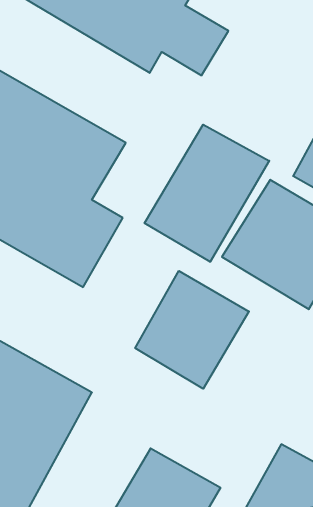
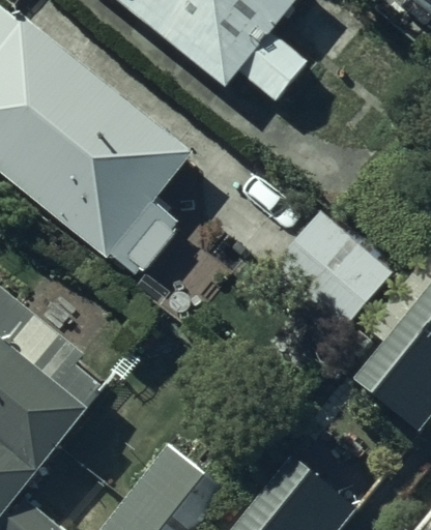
building: [145,125,269,262] -> none
building: [135,271,249,389] -> none

